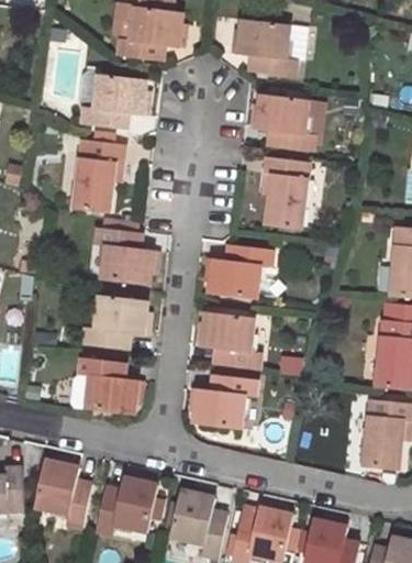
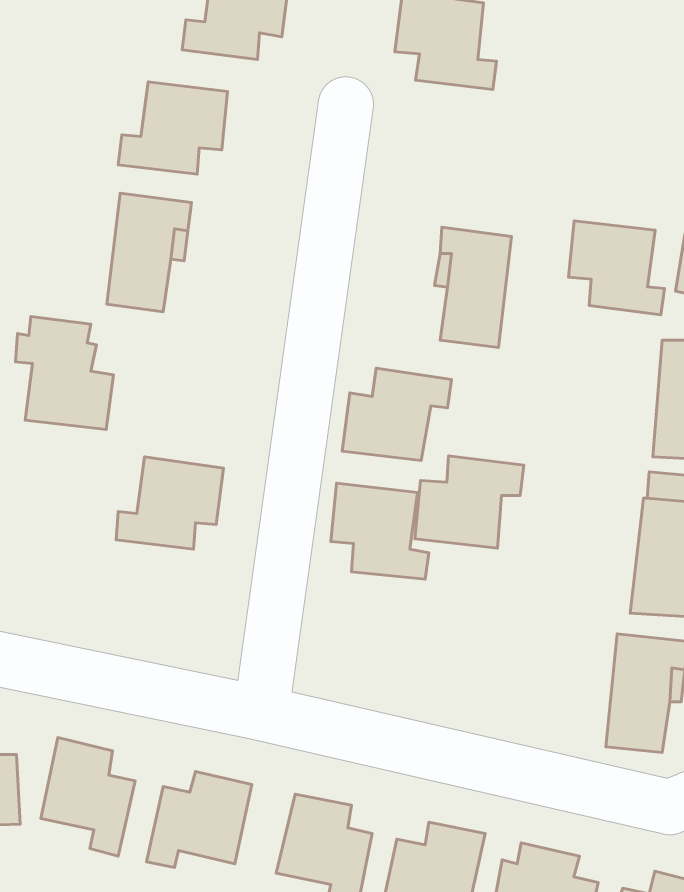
building: [259,97,315,152] -> [569,221,665,315]
building: [91,217,148,283] -> [16,317,114,430]
building: [73,356,131,415] -> none
building: [193,372,257,426] -> [415,456,524,548]

